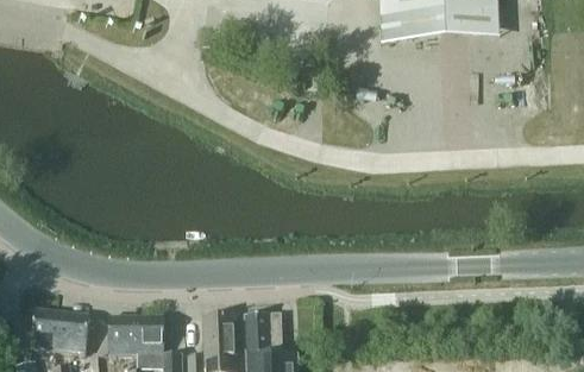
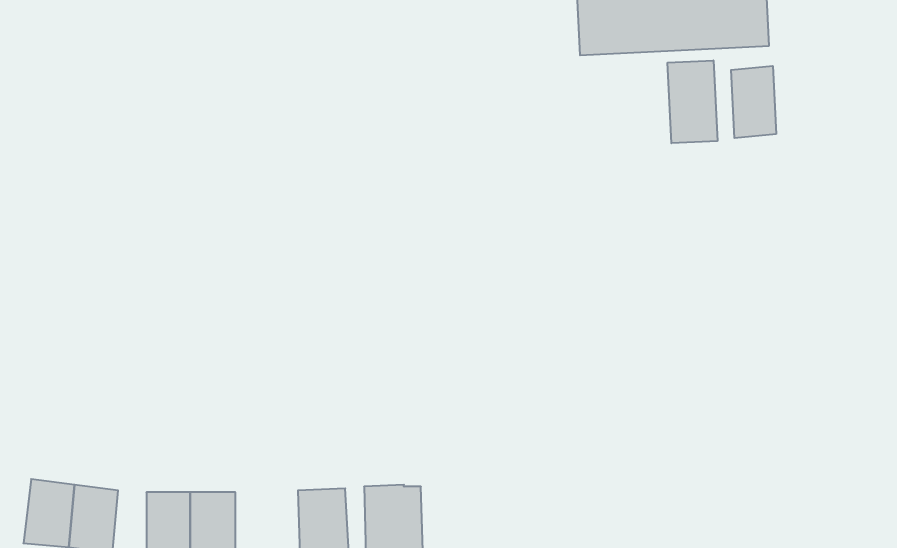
building: none -> [668,60,717,143]
building: none -> [731,66,776,138]

